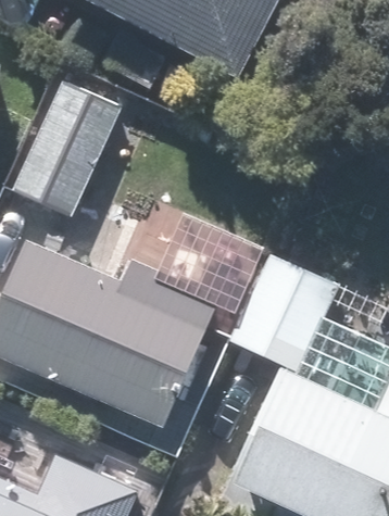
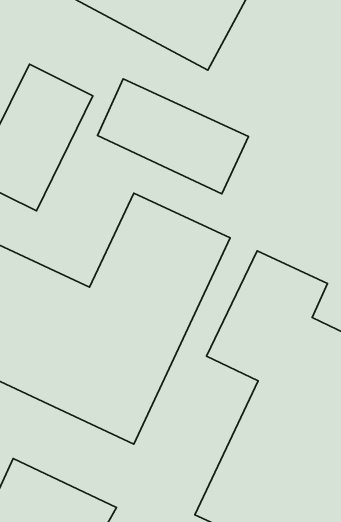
building: none -> [97,79,249,194]

